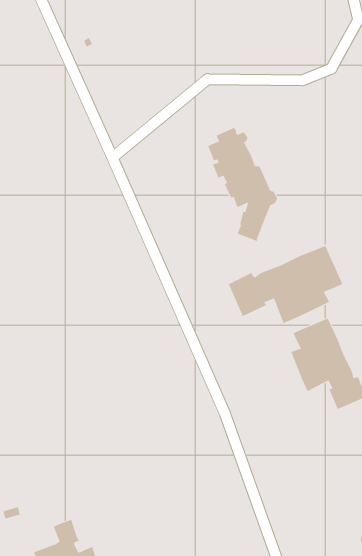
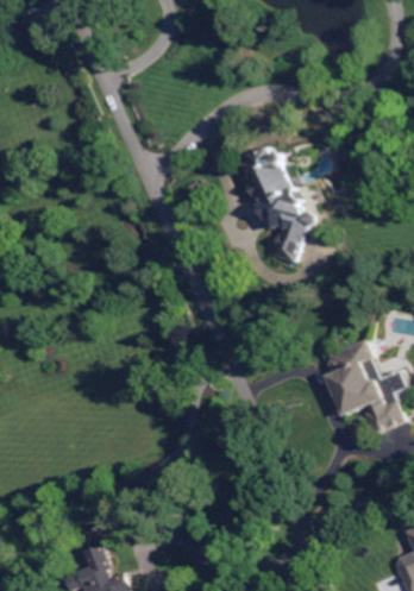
building: [227,245,343,324] -> none

